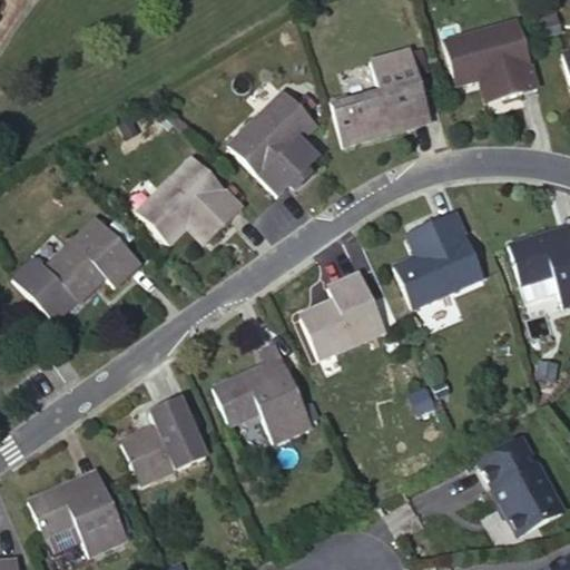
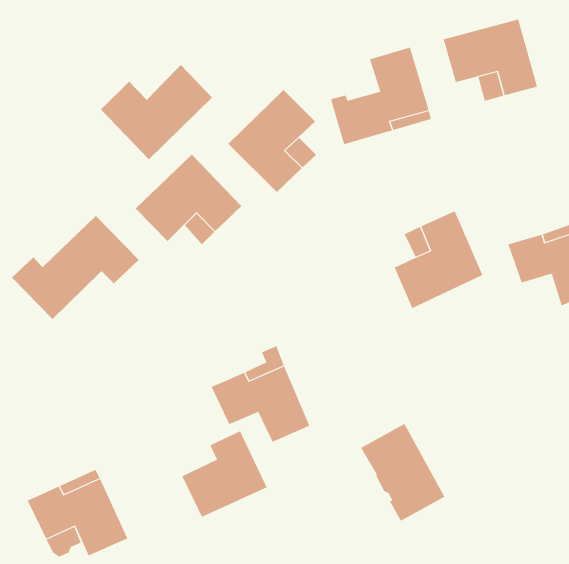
building: none -> [100,64,213,160]
building: [299,272,385,358] -> none
building: [119,396,205,483] -> [182,431,267,517]
building: [480,436,564,534] -> [360,423,445,521]

